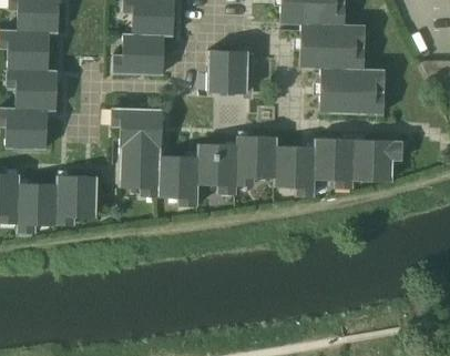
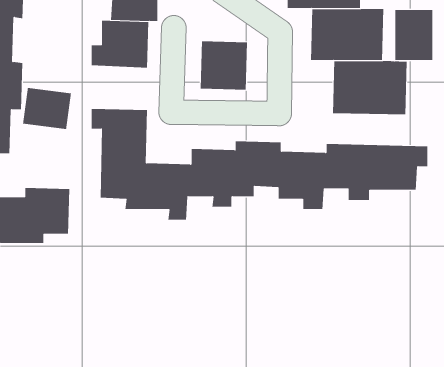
building: none -> [395,9,433,61]
building: none -> [23,87,71,130]

